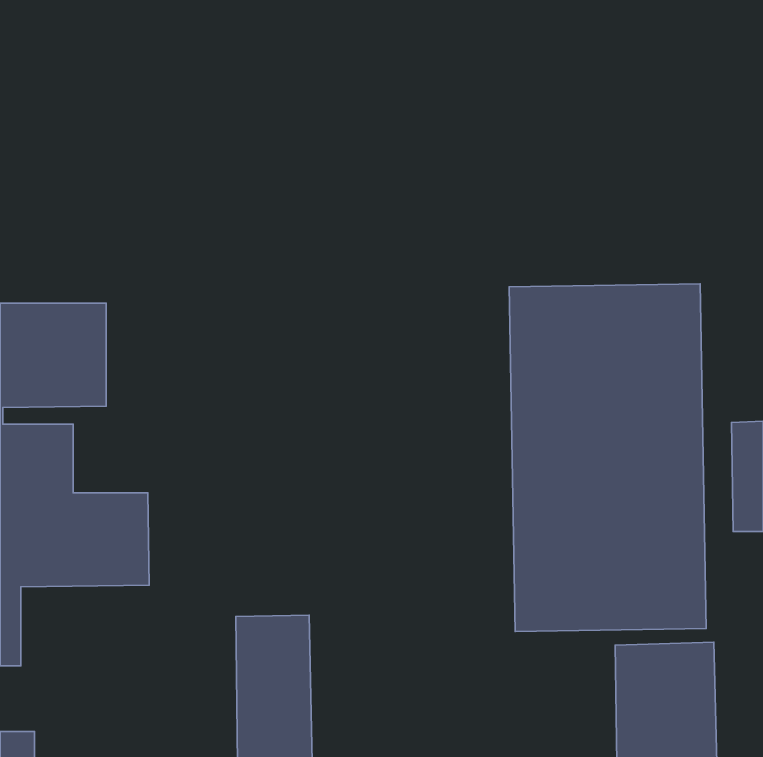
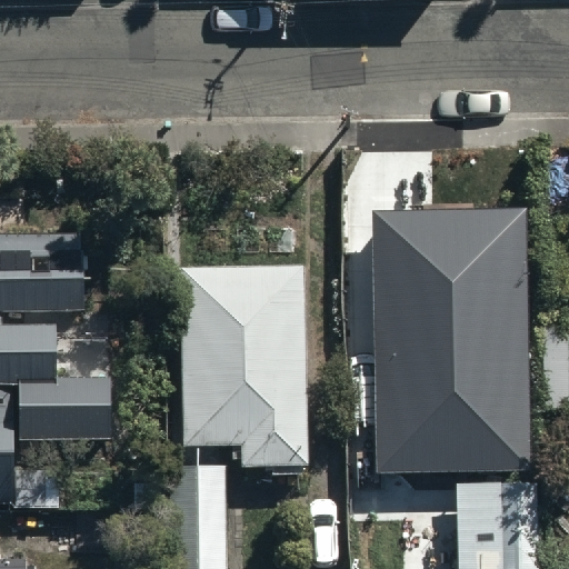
building: none -> [176,267,307,462]

